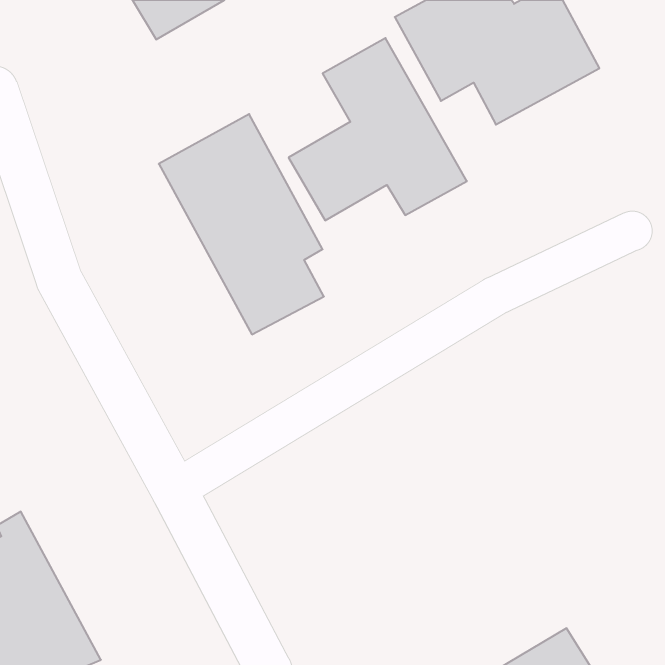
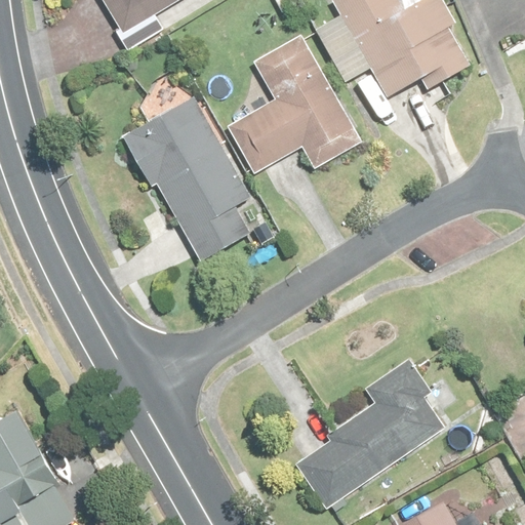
building: none -> [292,356,445,506]

